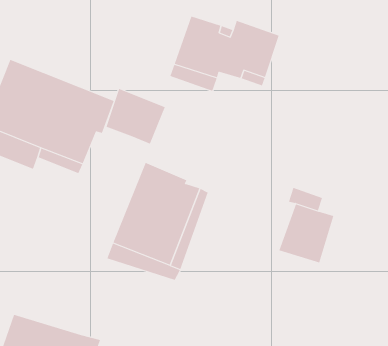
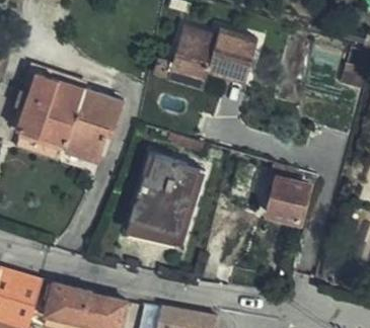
building: [106,88,165,144] -> none

